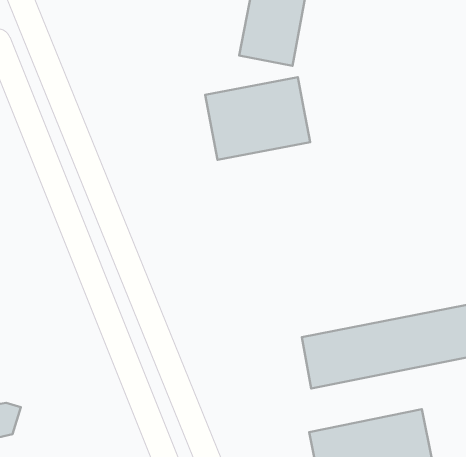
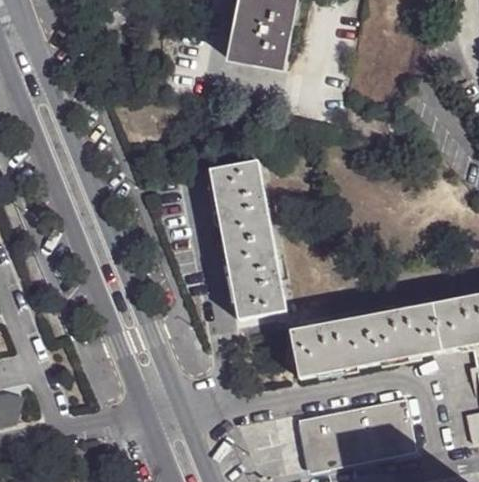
building: [205,77,310,160] -> none
building: none -> [209,160,286,321]

